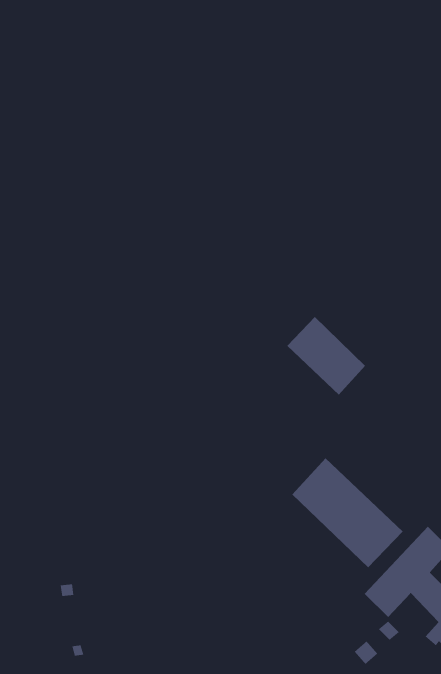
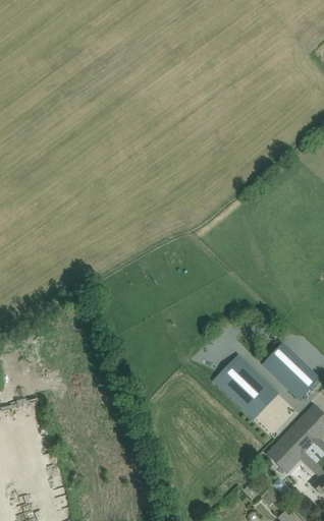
building: [286,316,366,396] -> [261,342,318,399]

